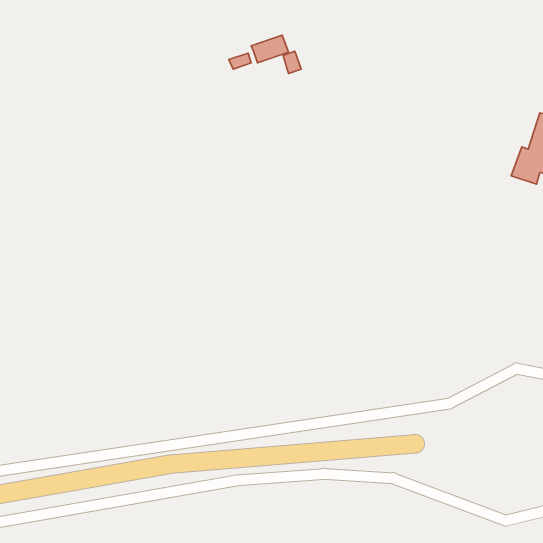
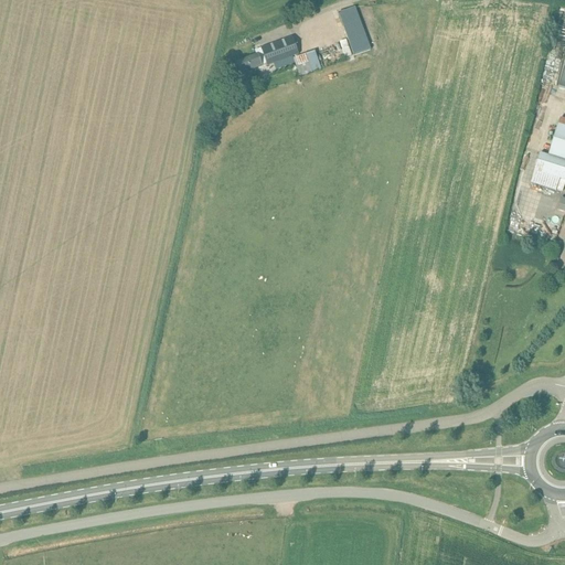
building: none -> [340,7,371,55]

